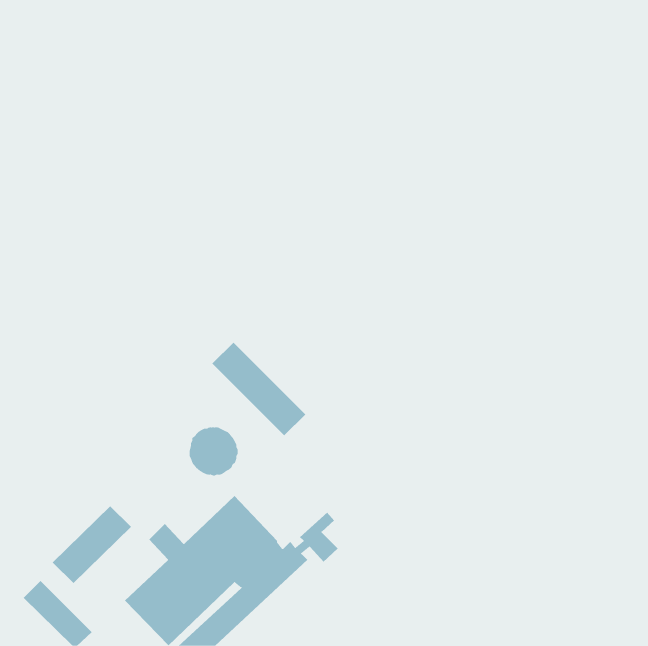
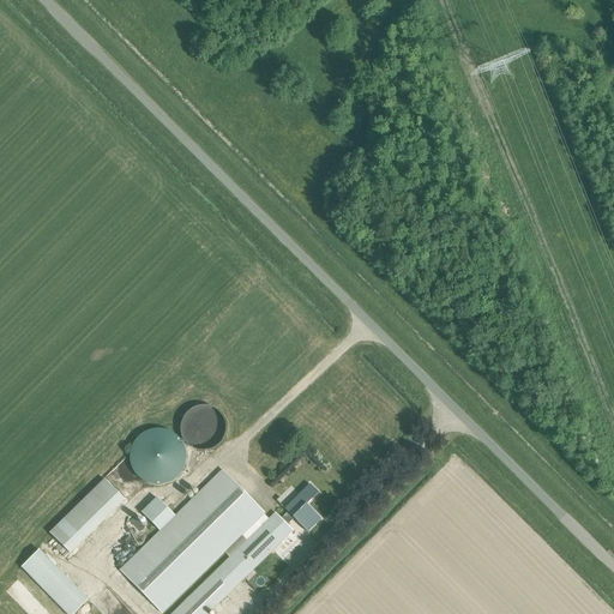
building: [211,342,306,436] -> none
building: none -> [130,427,186,483]

